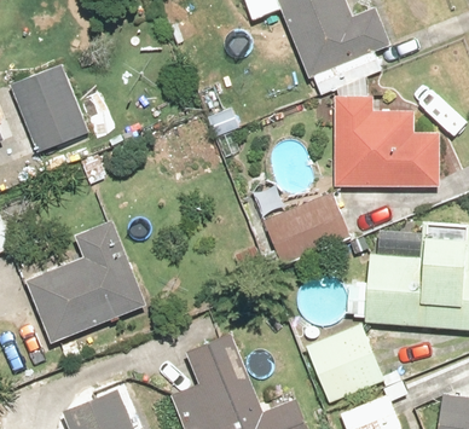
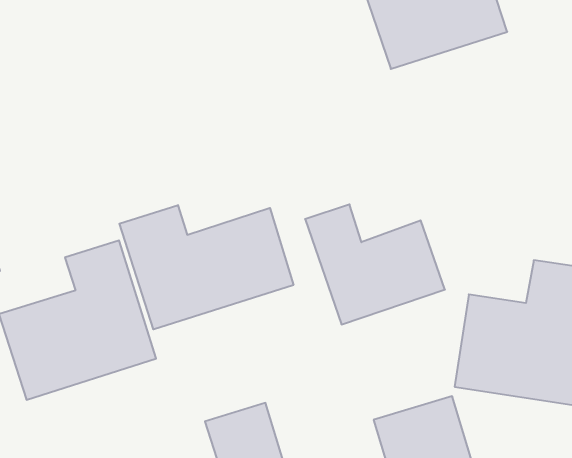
building: [15,62,97,156] -> none
building: [330,98,436,187] -> none
building: none -> [119,205,293,329]

